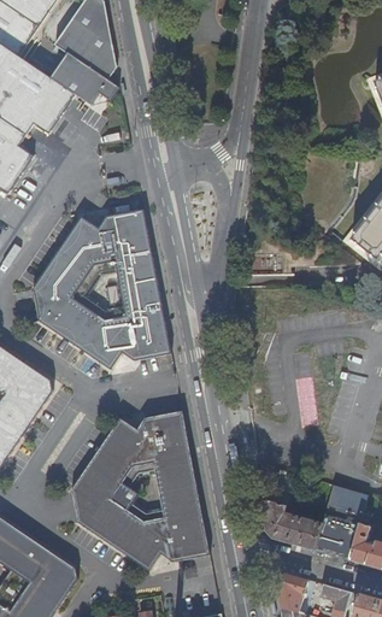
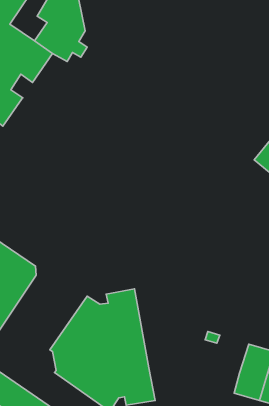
building: [29,211,172,369] -> none
building: [260,496,322,548] -> none

